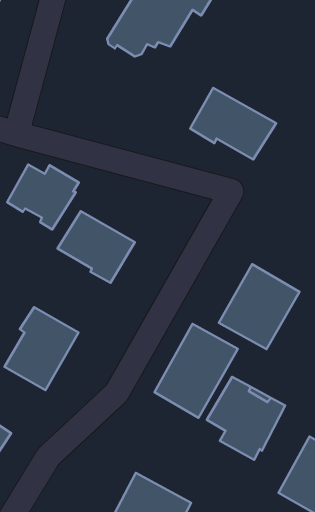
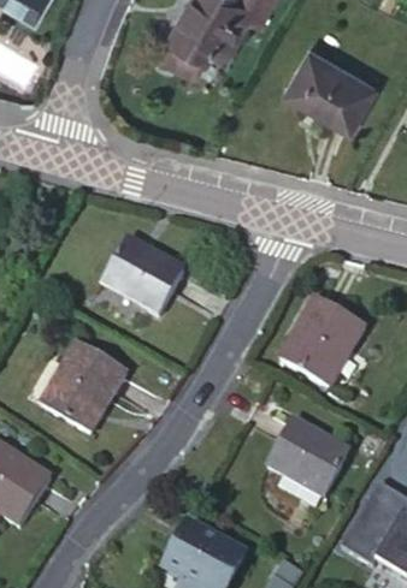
building: [190,88,276,160] -> [283,43,377,121]
building: [7,164,79,229] -> none
building: [154,324,238,418] -> none

